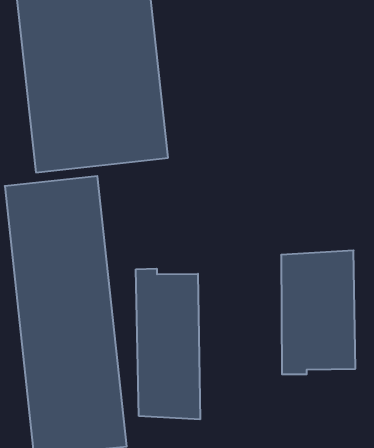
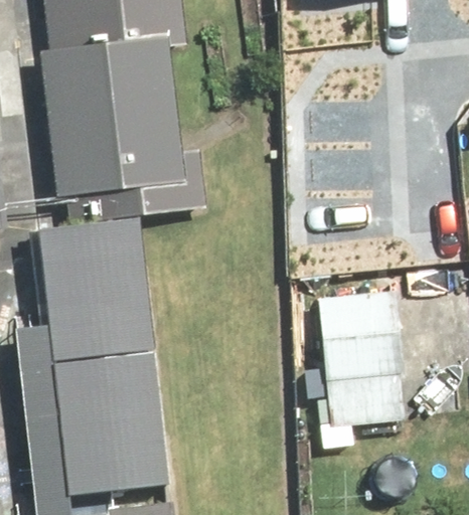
building: [136,269,200,419] -> none

